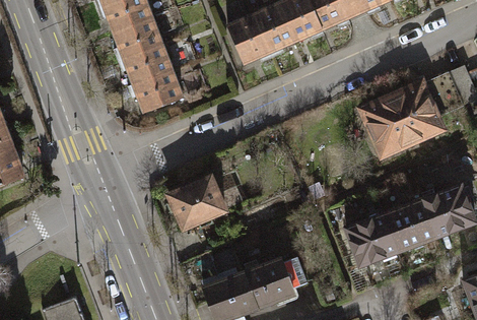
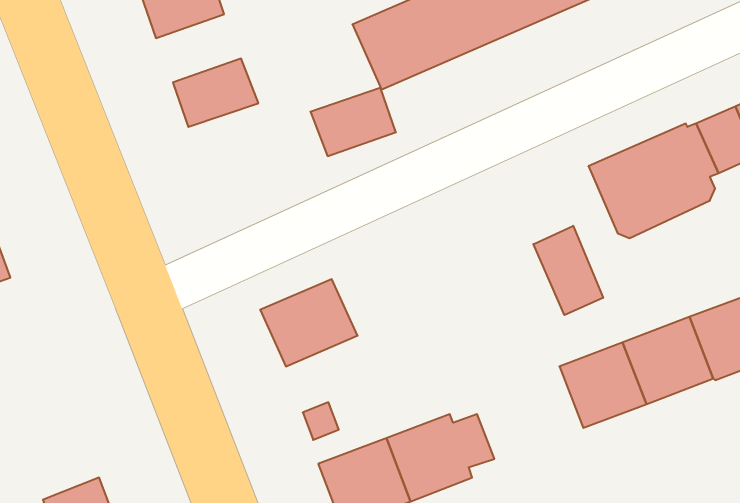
building: [108,18,158,59] -> none
building: [127,71,178,112] -> [310,88,396,156]
building: none -> [533,226,603,315]

